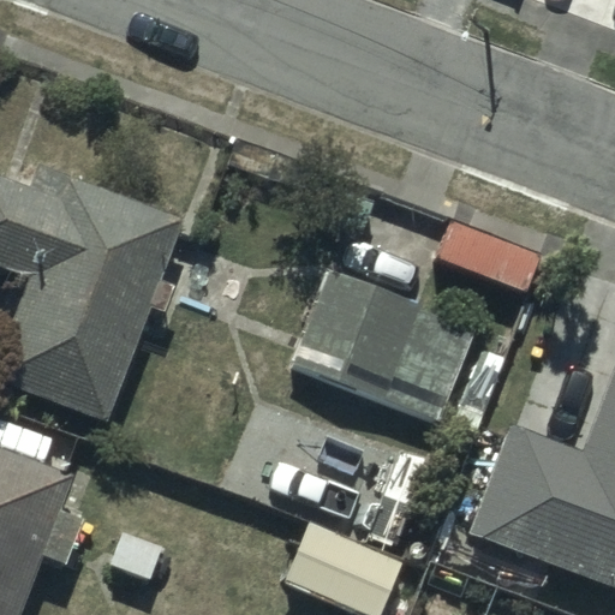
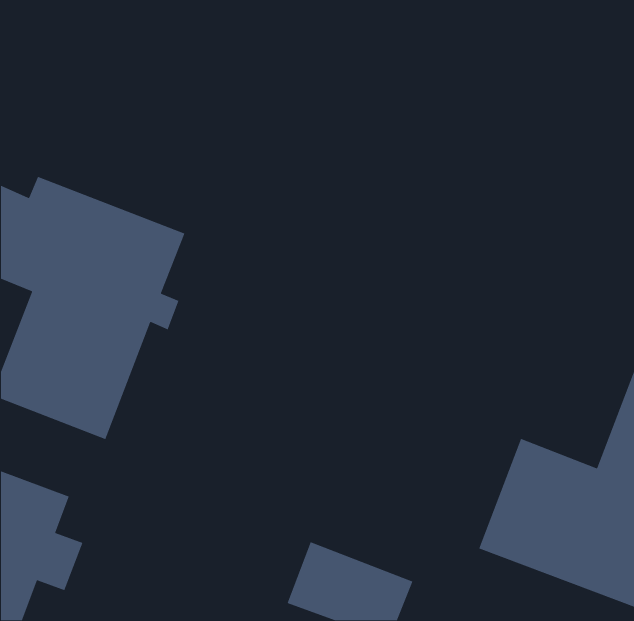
building: [289,268,473,419] -> none

